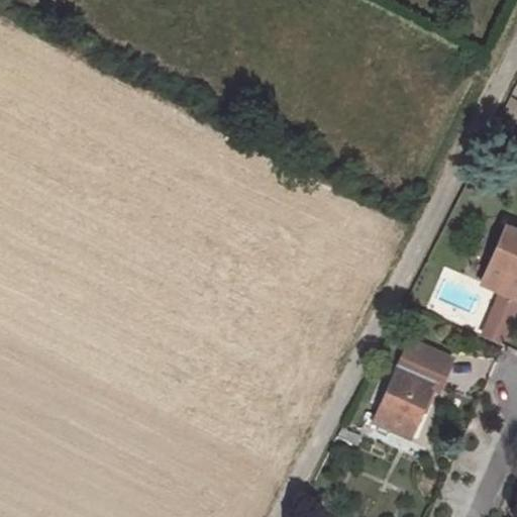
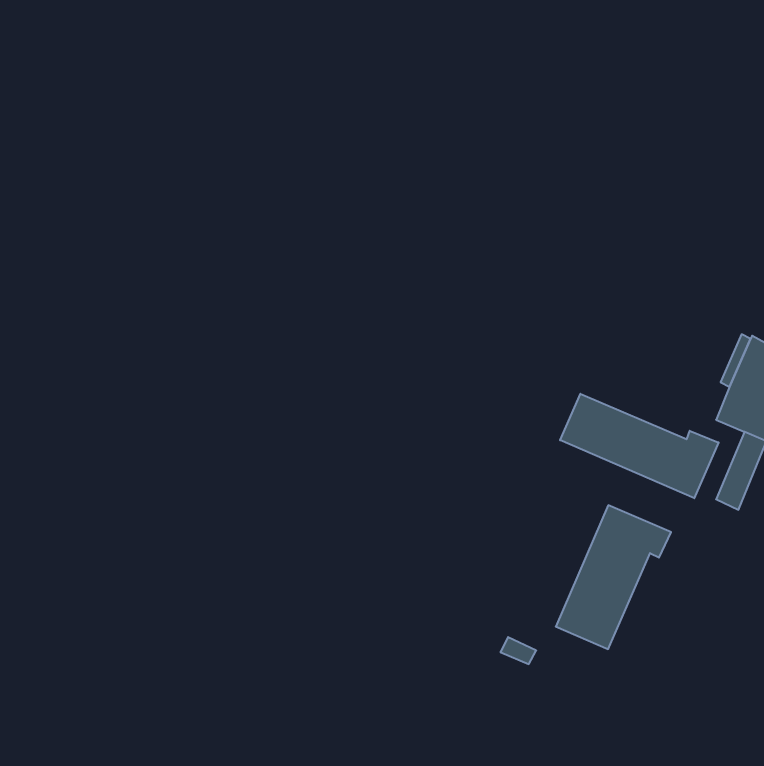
building: none -> [560,394,719,498]

